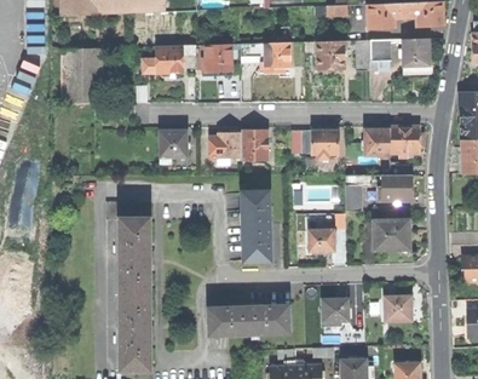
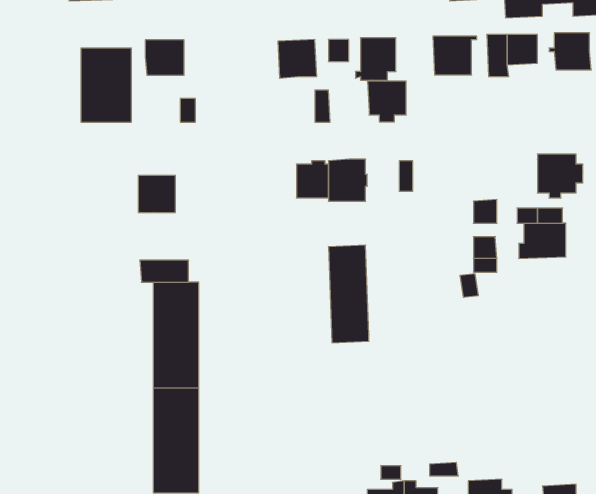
building: [155,47,183,73] -> [145,40,184,75]
building: [362,130,391,155] -> none
building: [160,131,186,157] -> [138,175,175,212]
building: [310,131,338,160] -> [367,81,406,122]
building: [375,222,409,251] -> none
building: [310,230,334,252] -> none
building: [385,298,411,321] -> none
building: [322,299,349,327] -> none
building: [208,306,288,335] -> none

